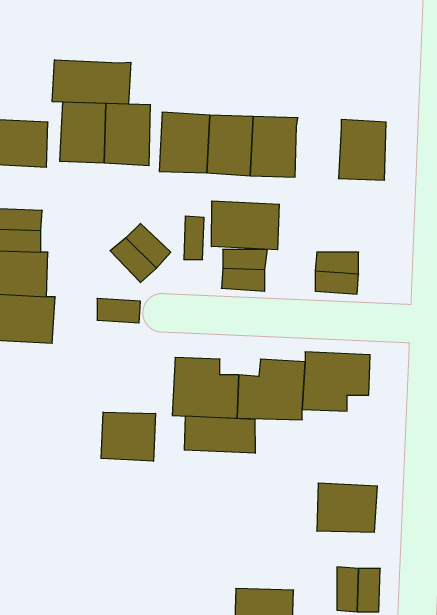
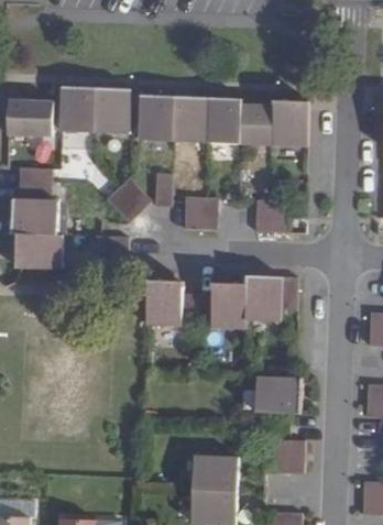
building: [52,60,131,104] -> none
building: none -> [240,105,275,144]
building: [212,201,279,250] -> none
building: [101,412,155,461] -> none
building: [184,416,255,453] -> none

